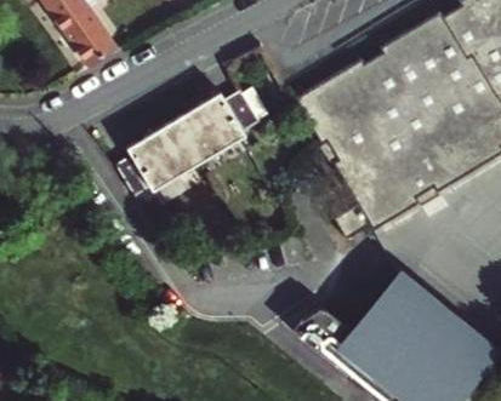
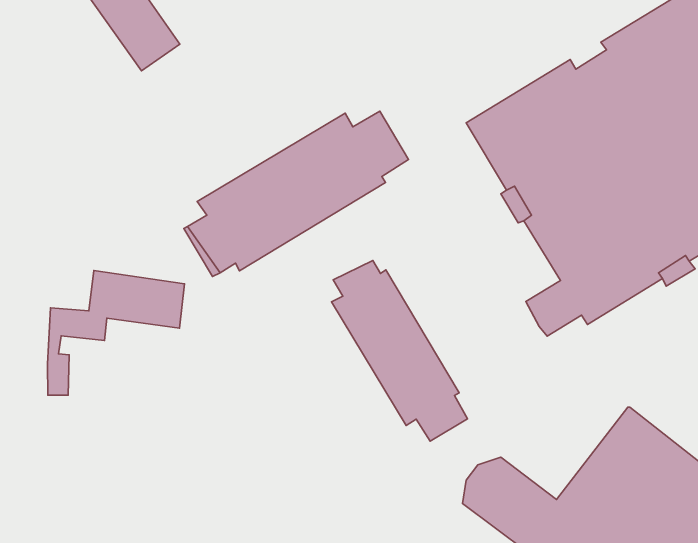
building: none -> [331,260,467,441]
building: none -> [48,270,184,395]

